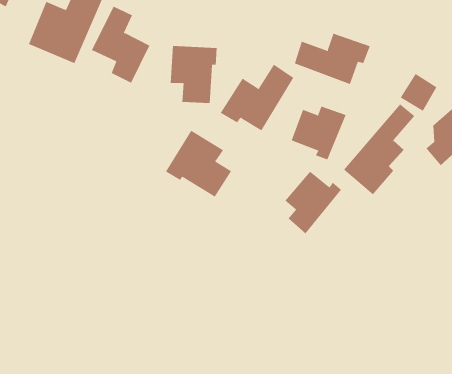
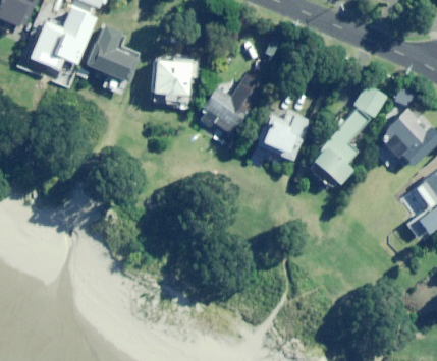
building: [294,33,370,85] -> none
building: [165,130,232,197] -> none
building: [284,171,342,234] -> none

